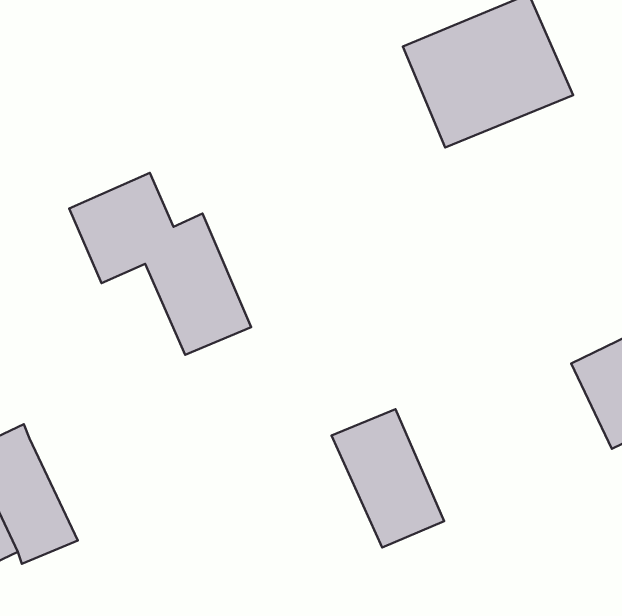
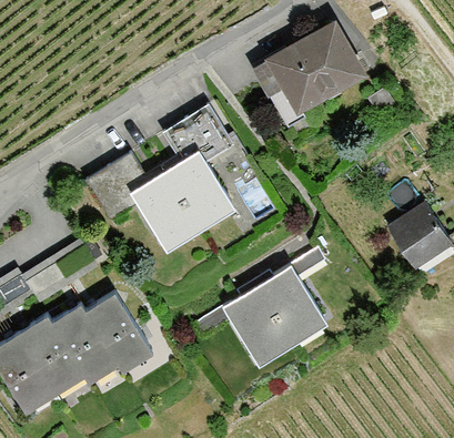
building: none -> [164,104,235,231]
building: none -> [84,294,152,371]
building: none -> [221,286,294,368]

